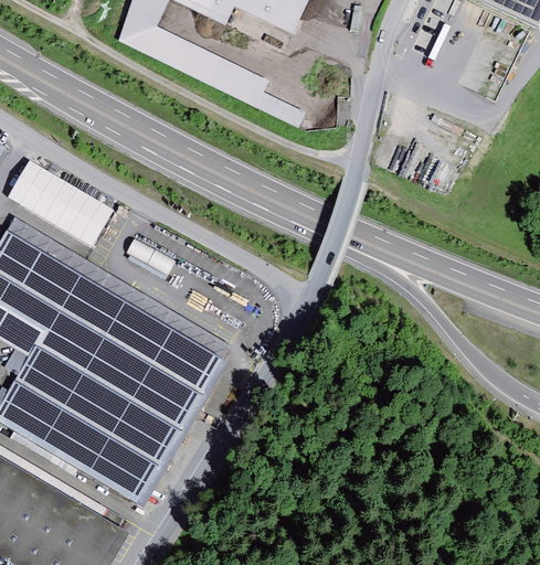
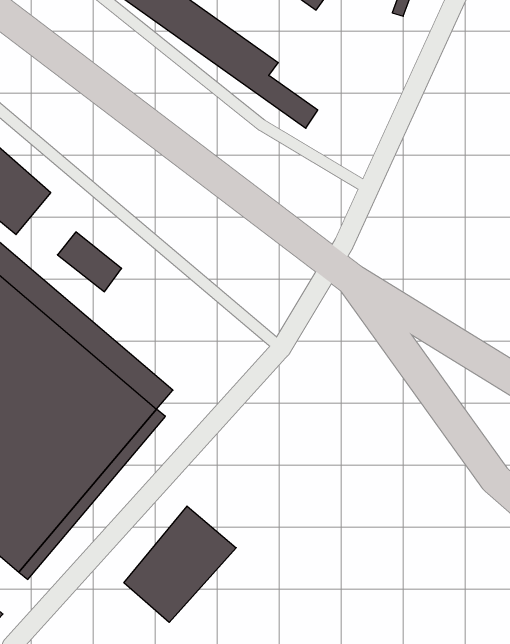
building: none -> [124,506,236,622]

